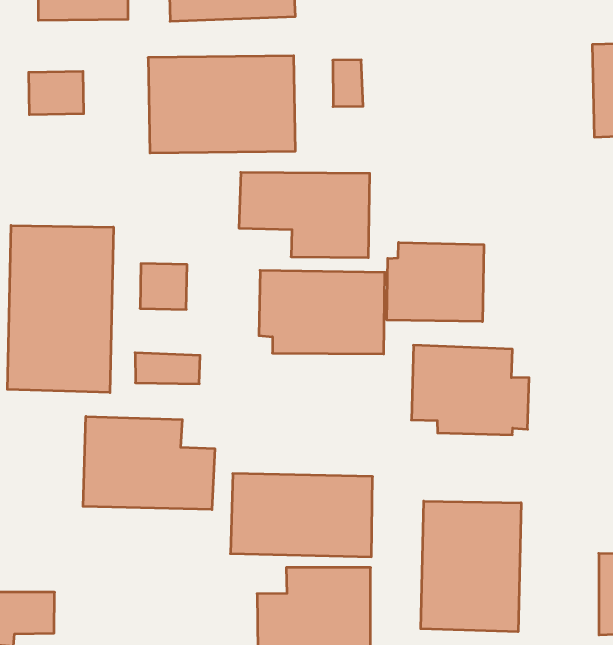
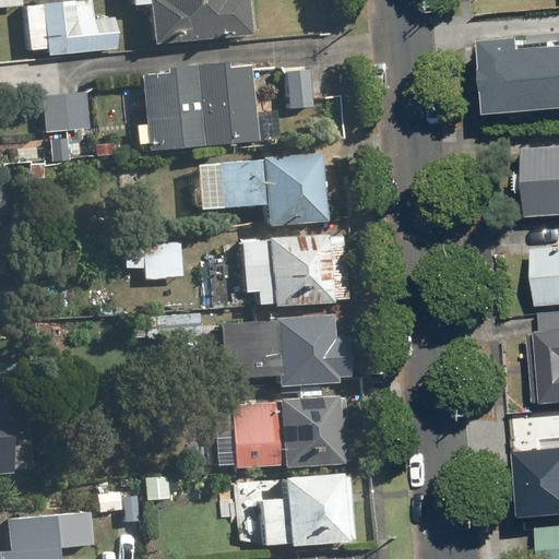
building: [7,225,113,393] -> none
building: [387,242,484,322] -> none
building: [411,345,529,435] -> [248,314,345,386]
building: [83,416,215,510] -> none
building: [421,501,521,632] -> none

